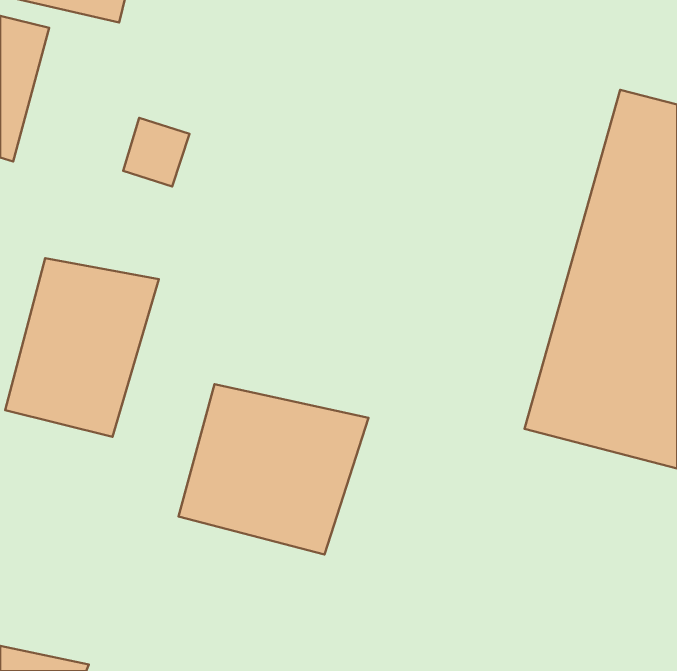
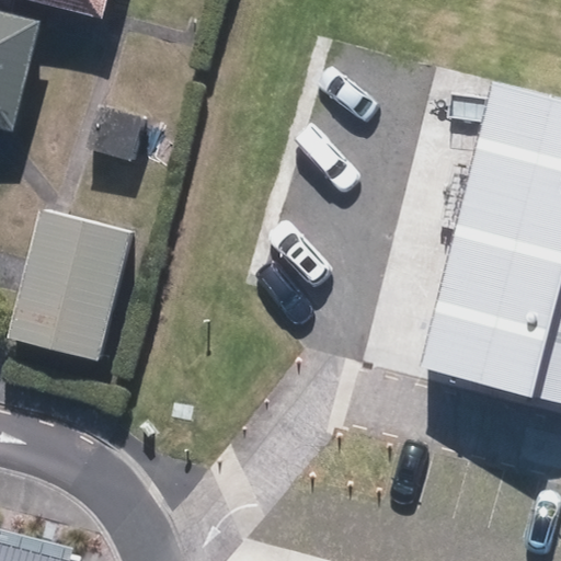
building: [178,384,369,555] -> none

